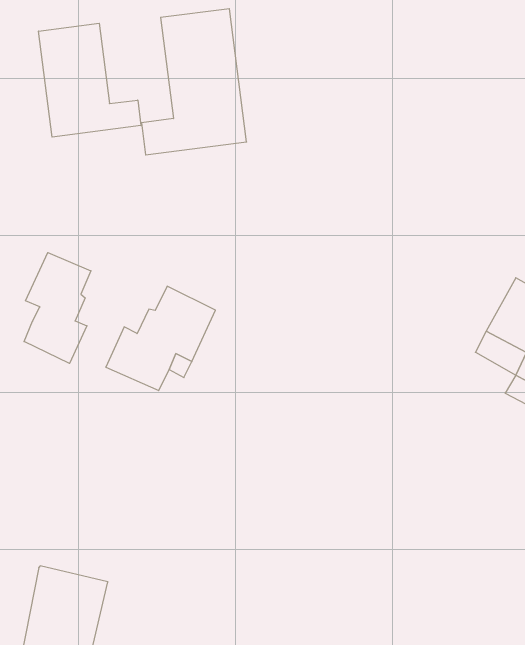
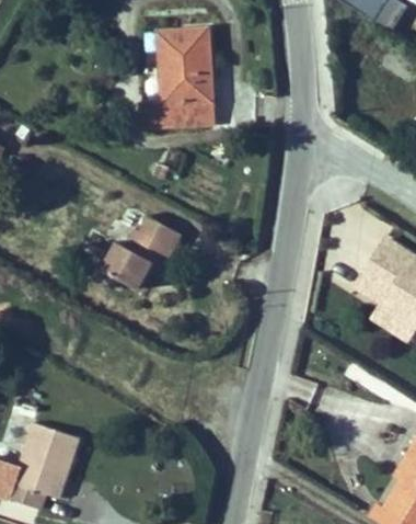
building: [39,23,141,137] -> none
building: [24,253,91,363] -> none

